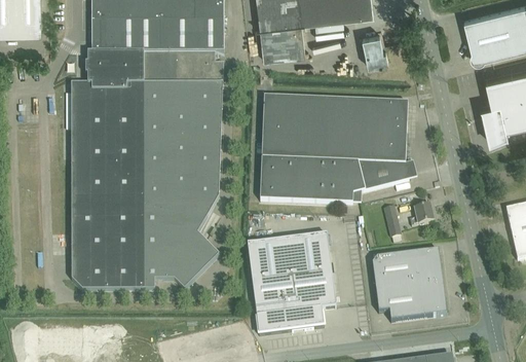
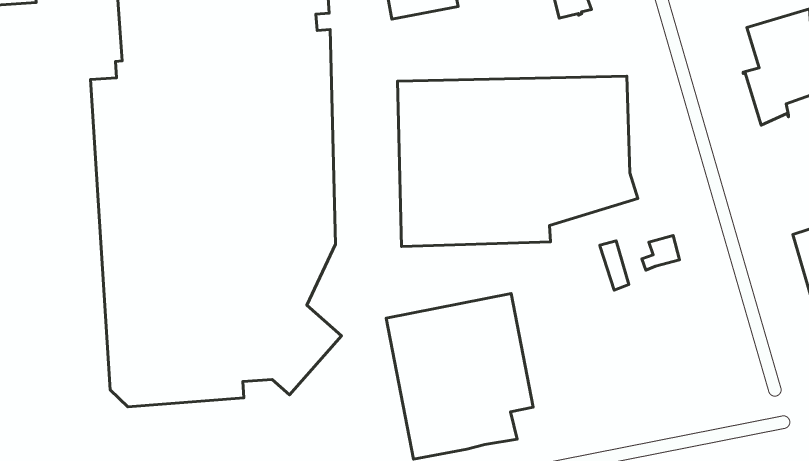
building: [373,252,447,323] -> none

